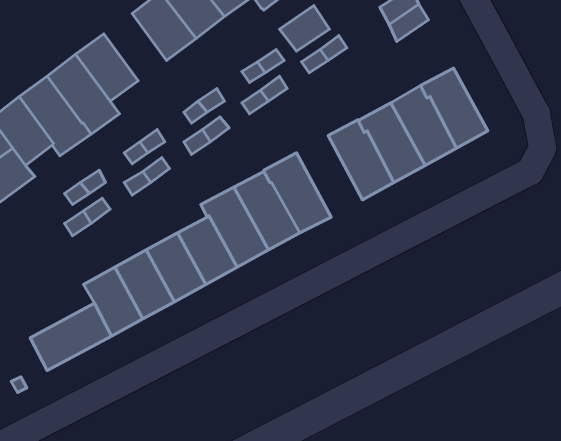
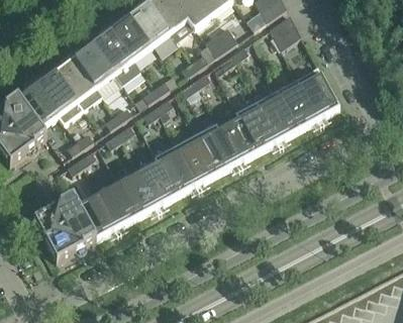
building: none -> [92,31,140,85]
building: none -> [216,110,259,163]
building: none -> [33,198,86,240]

